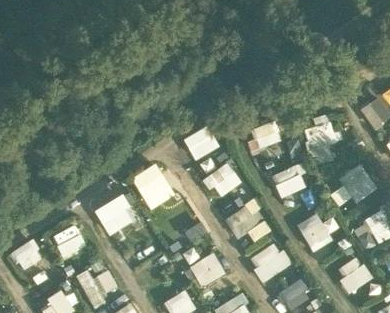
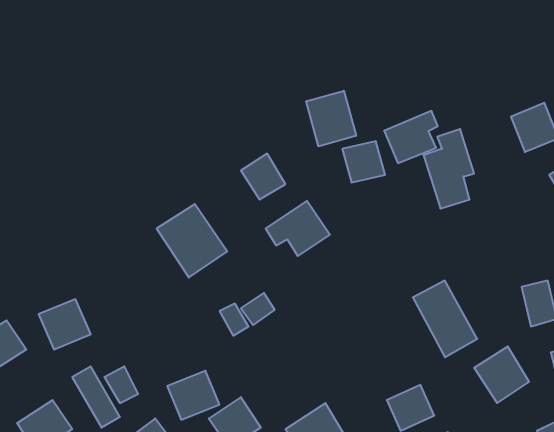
building: none -> [306,91,356,146]
building: [272,162,307,196] -> [384,111,438,163]
building: [330,163,377,207] -> none
building: [89,187,134,236] -> none
building: [225,199,274,243] -> none
building: [249,243,289,281] -> none
building: [190,254,224,286] -> [167,371,219,420]

